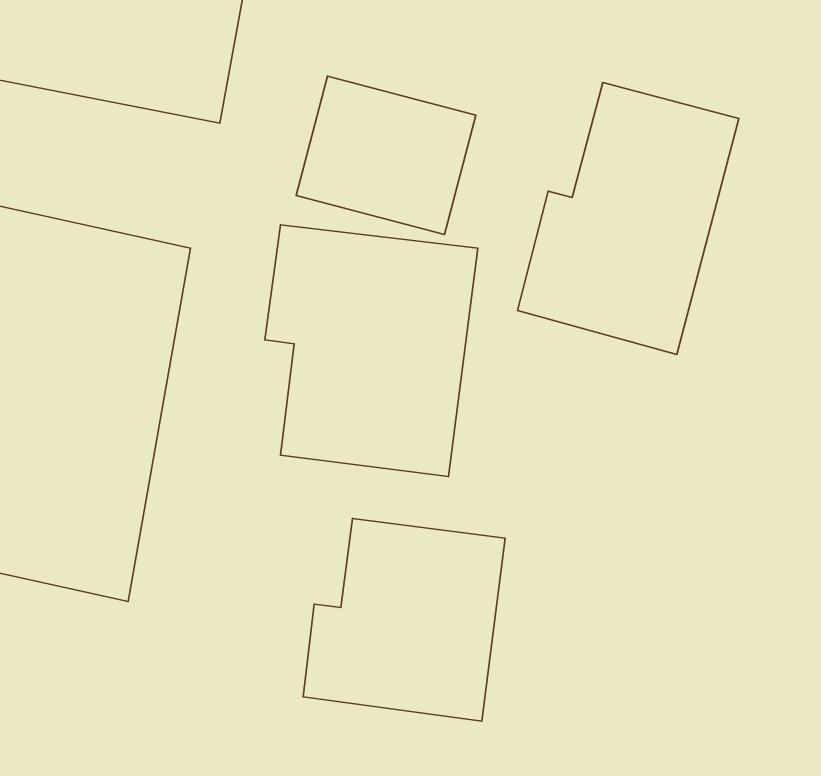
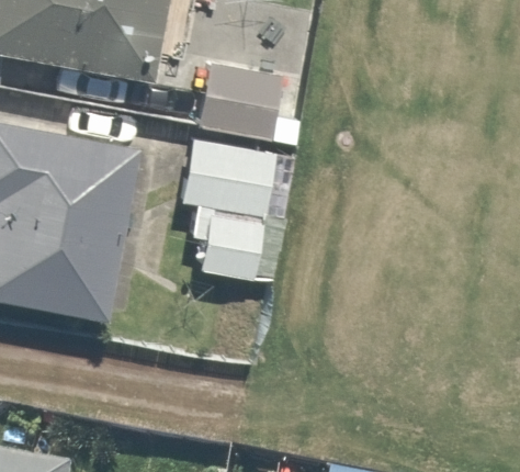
building: [518,83,739,354] -> none
building: [303,519,505,721] -> none

